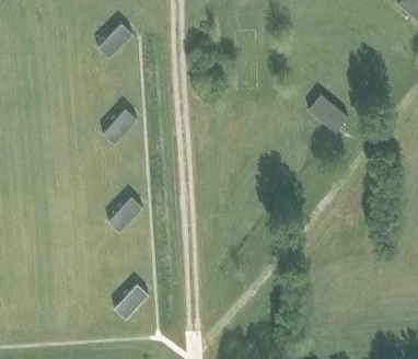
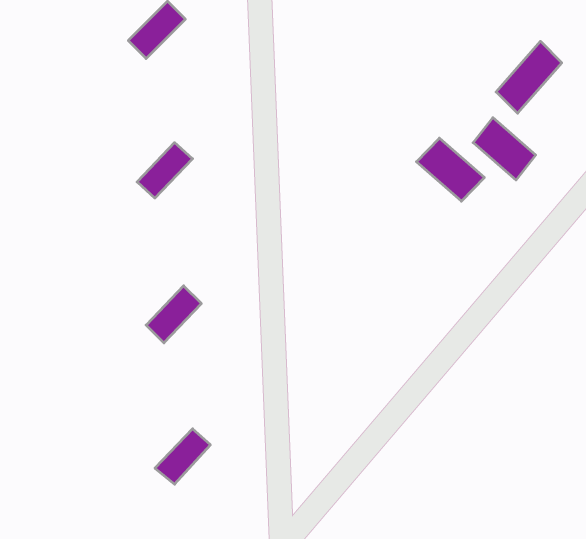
building: none -> [496,41,562,113]
building: none -> [416,138,484,201]

